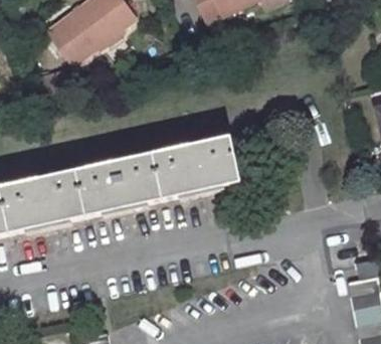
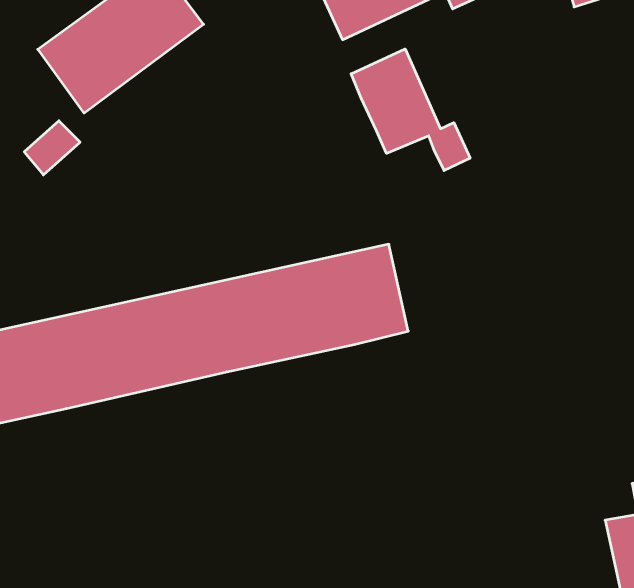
building: none -> [351,49,470,171]

